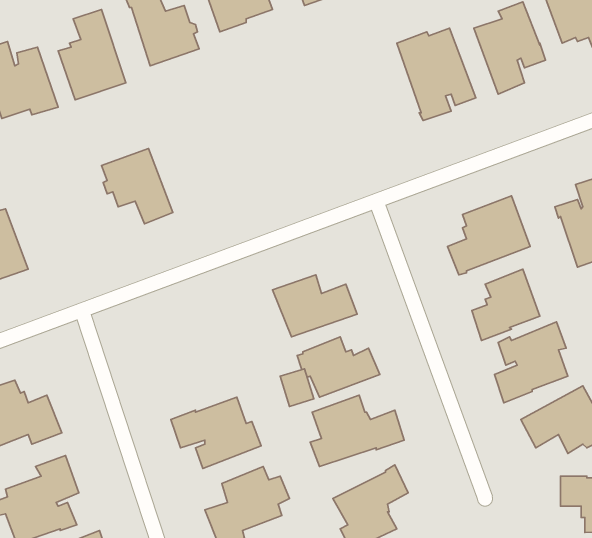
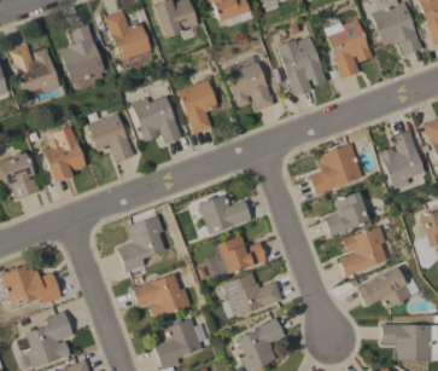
building: none -> [223,56,274,110]
building: none -> [177,80,218,134]
building: none -> [130,95,181,144]
building: none -> [42,138,86,181]
building: none -> [117,215,165,272]

